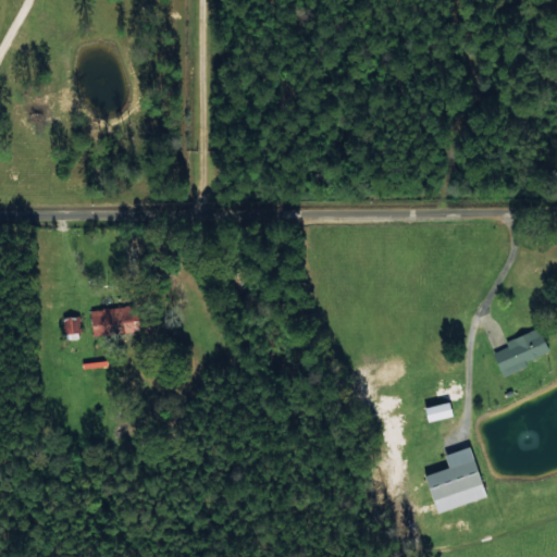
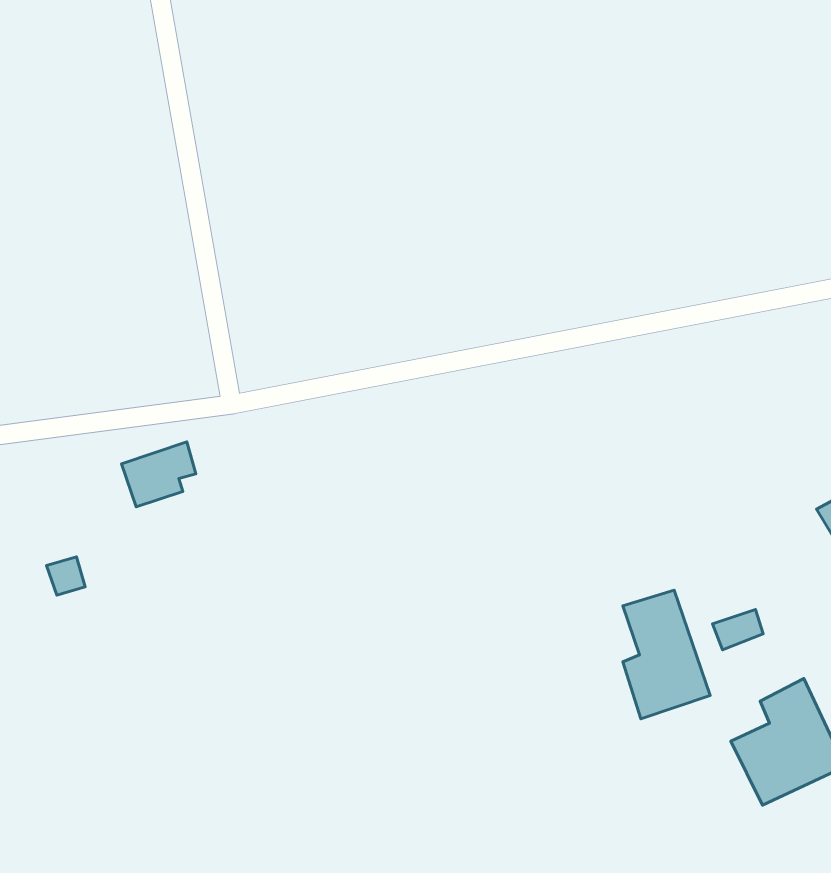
building: [90,306,131,337] -> [121,442,196,507]
building: none -> [623,590,710,719]

